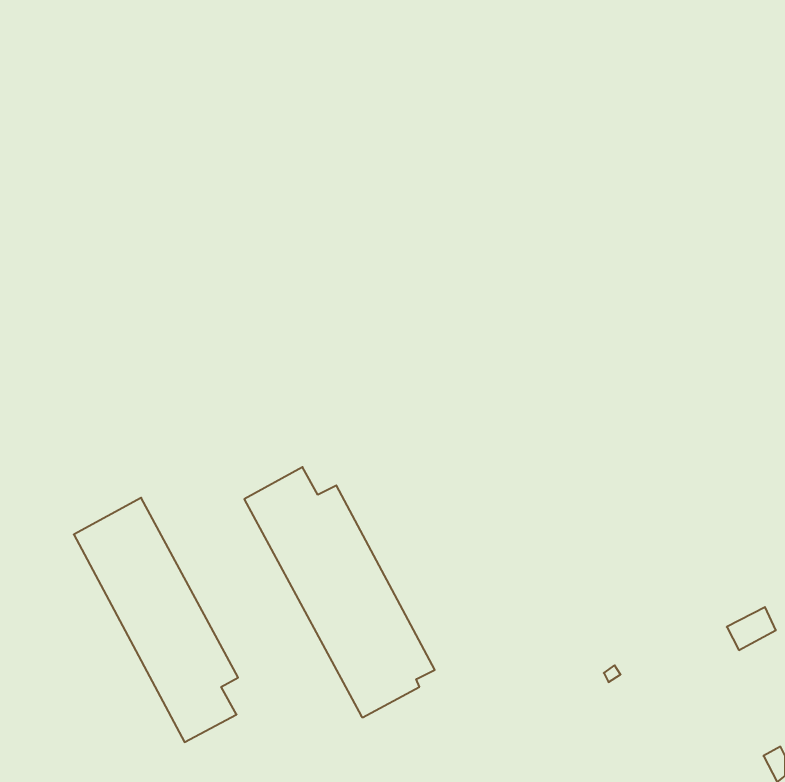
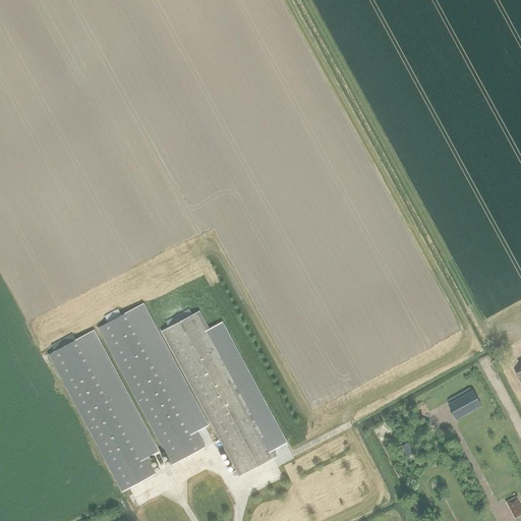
building: none -> [99,303,207,465]
building: [727,607,776,650] -> [449,389,481,417]

